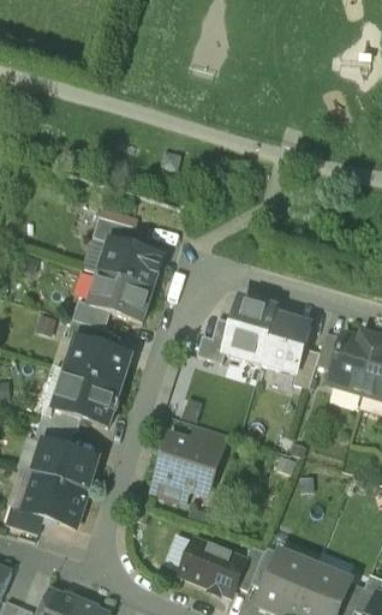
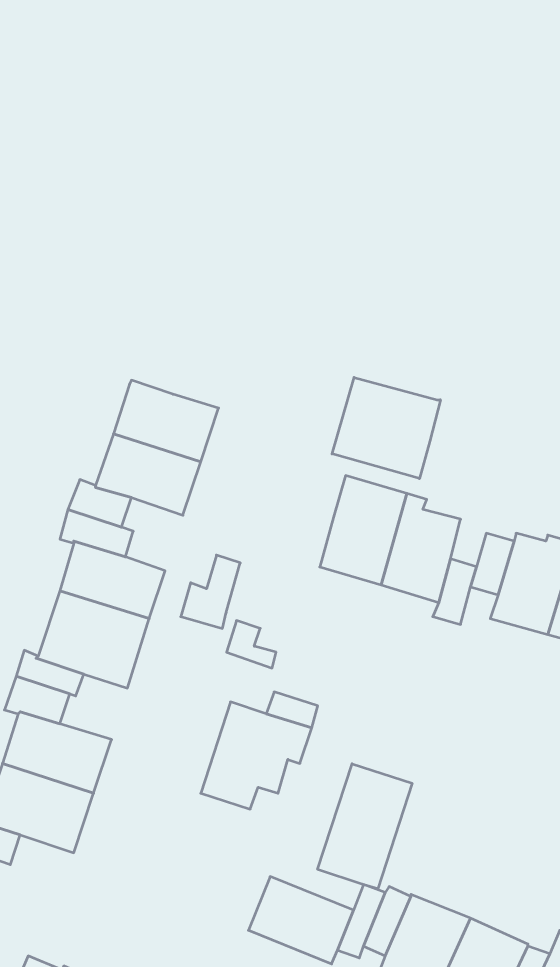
building: [91,217,141,249] -> none
building: none -> [332,377,440,479]
building: [196,318,232,363] -> [181,555,240,628]
building: none -> [318,764,412,889]

